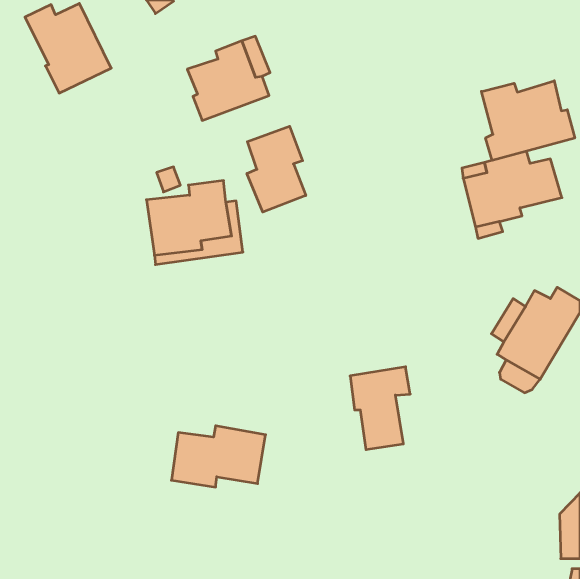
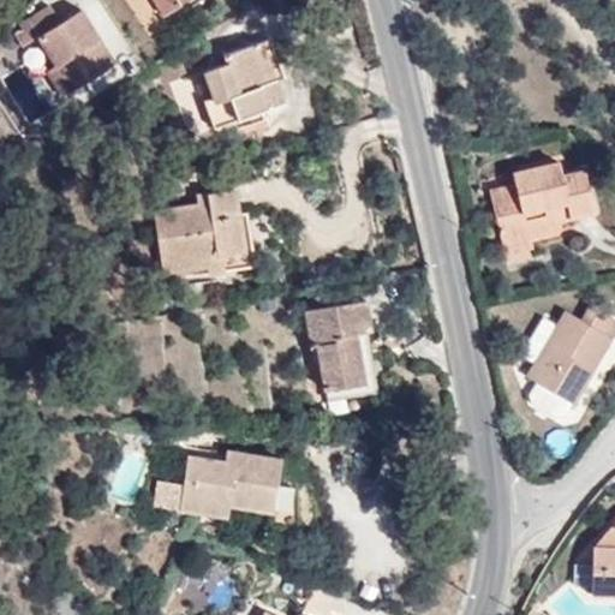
building: [481,81,575,160] -> none
building: [247,126,306,212] -> none
building: [350,367,410,450] -> [308,303,371,390]

